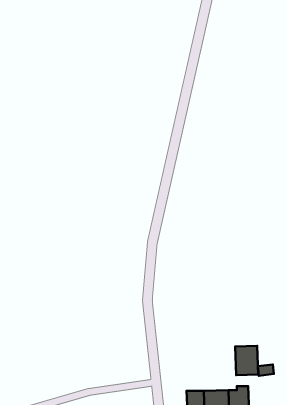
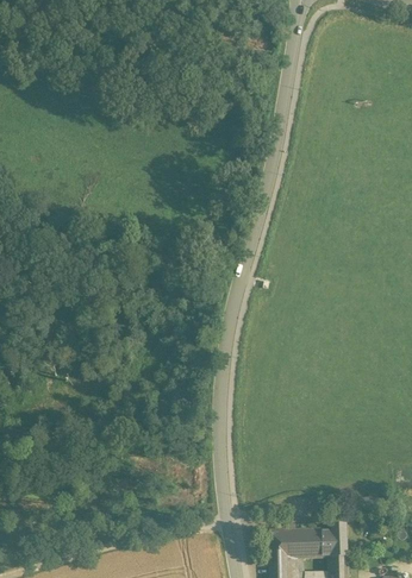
building: [235,346,258,375] -> none

